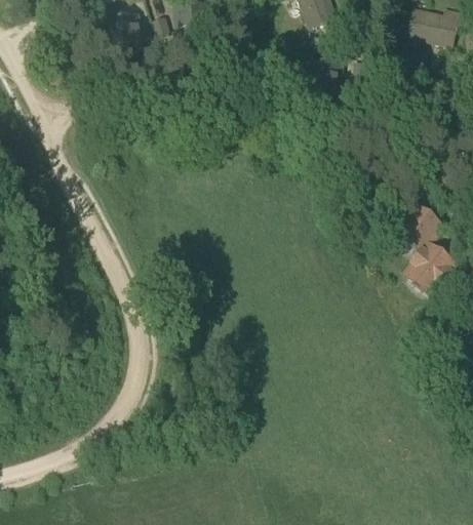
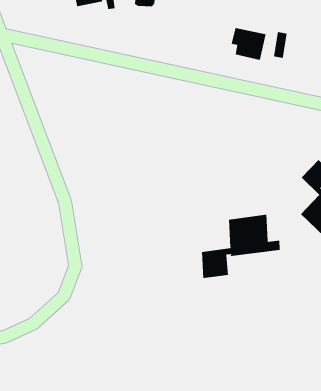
building: none -> [201,214,280,279]

